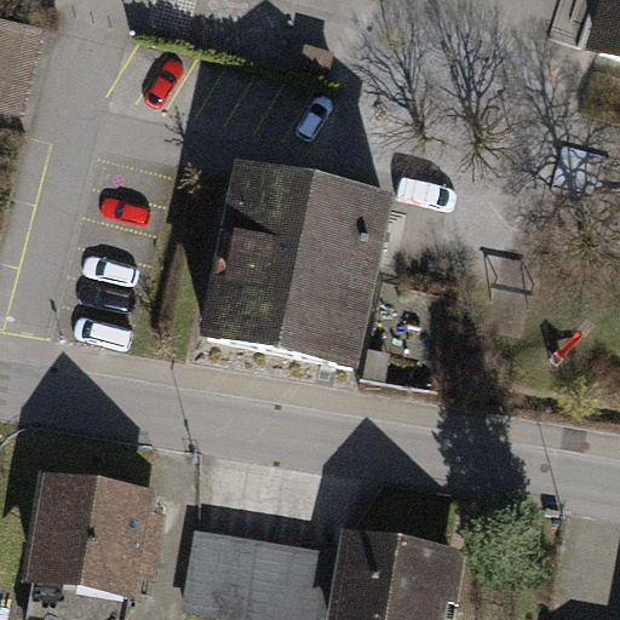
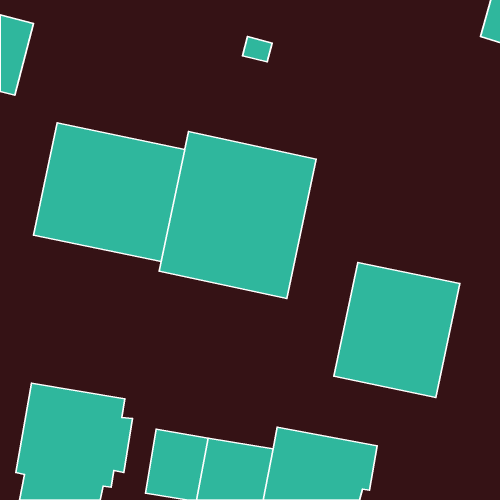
building: none -> [34,123,185,262]
building: none -> [334,263,460,397]

